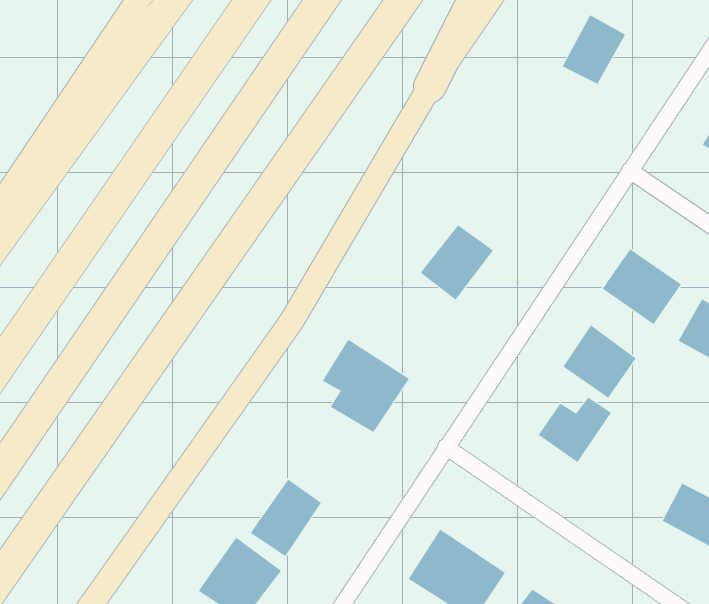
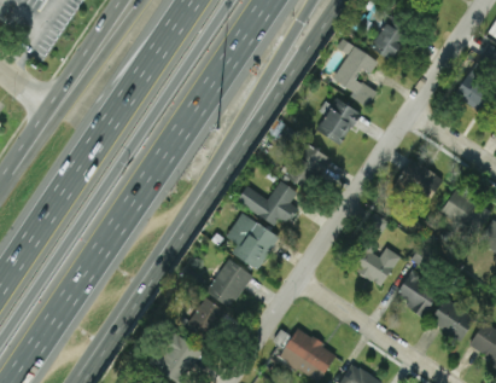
building: none -> [332,39,378,106]
building: none -> [317,98,360,144]
building: none -> [237,180,299,225]
building: [562,325,636,399] -> [395,269,439,314]
building: none -> [206,257,252,307]

